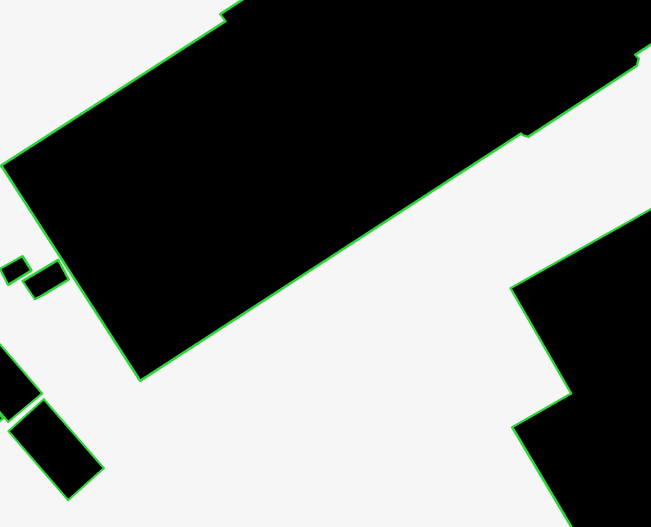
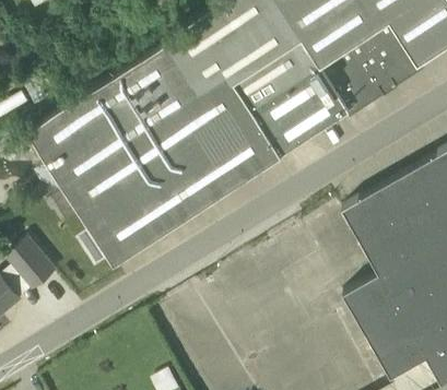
building: [8,399,104,500] -> none

